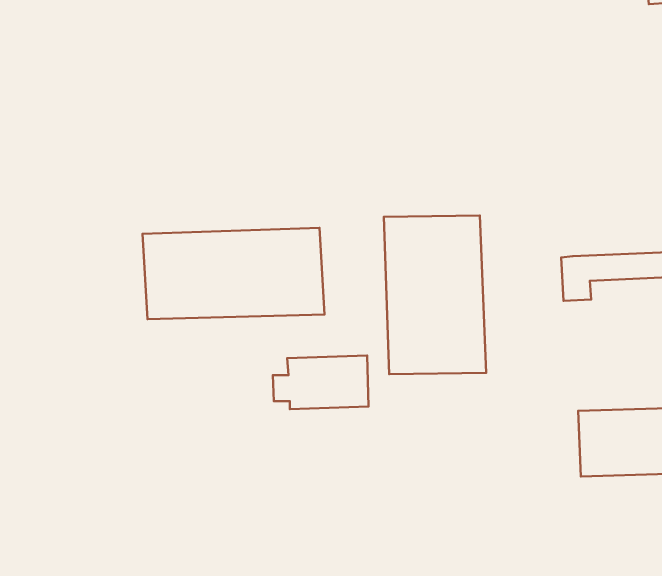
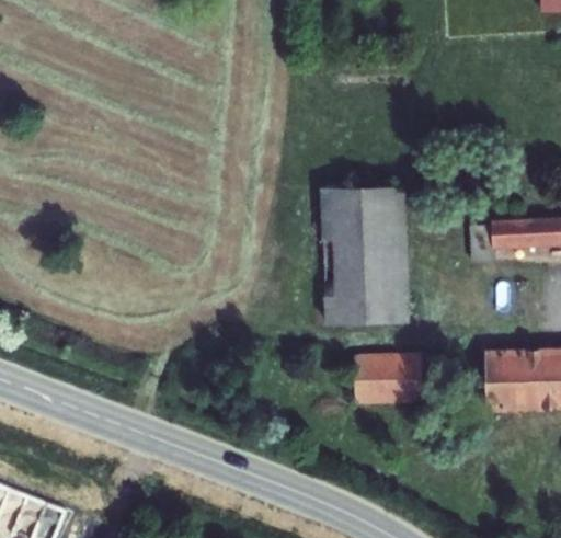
building: [142,228,324,319] -> none
building: [273,355,368,409] -> [344,356,424,401]

